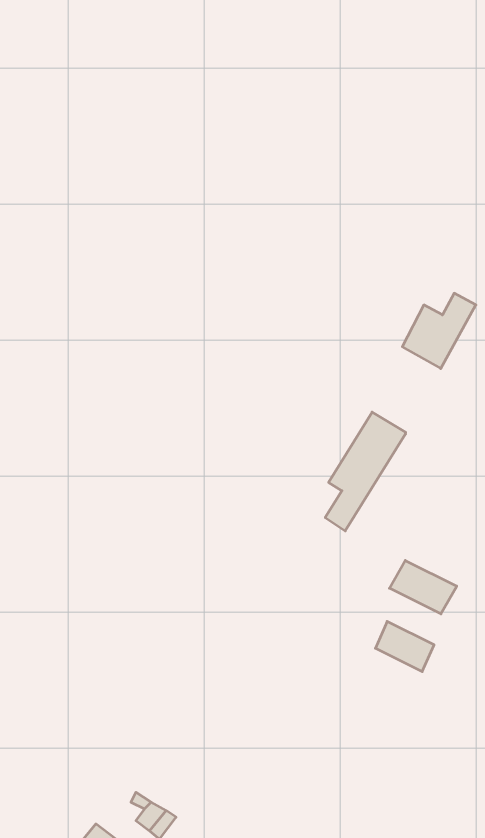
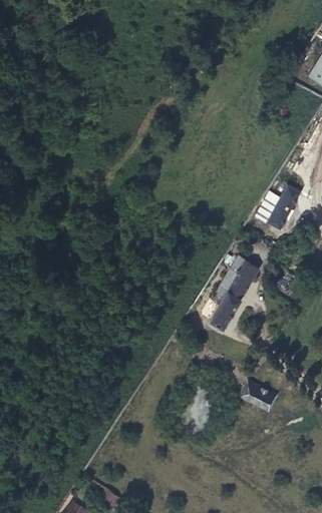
building: [389,560,457,614] -> none

